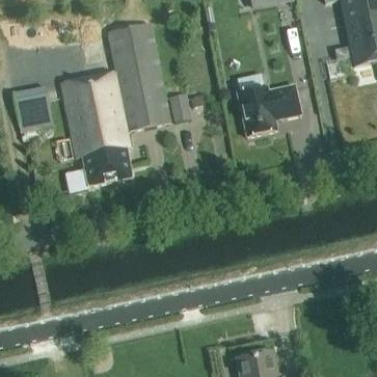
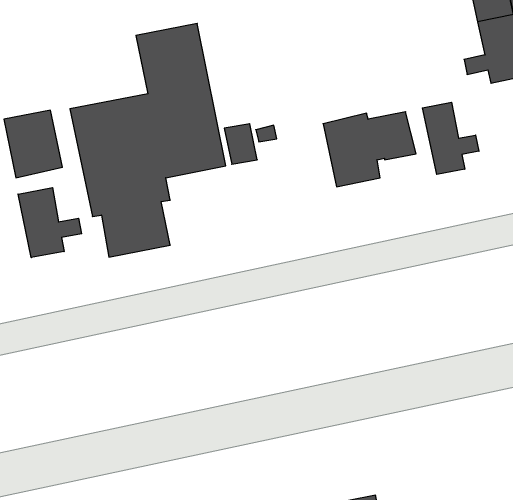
building: none -> [422,102,479,174]
building: none -> [18,188,82,258]

